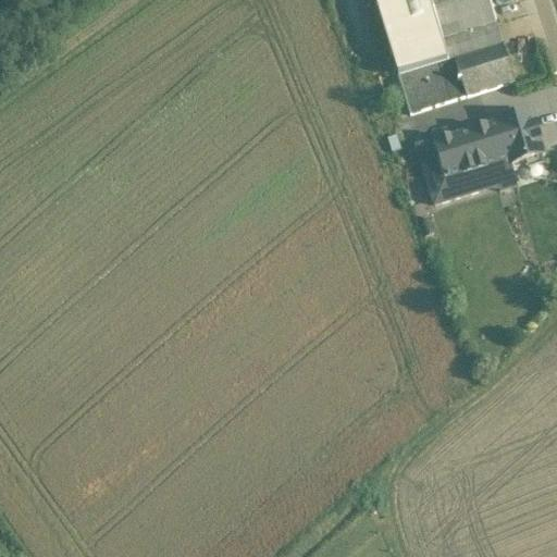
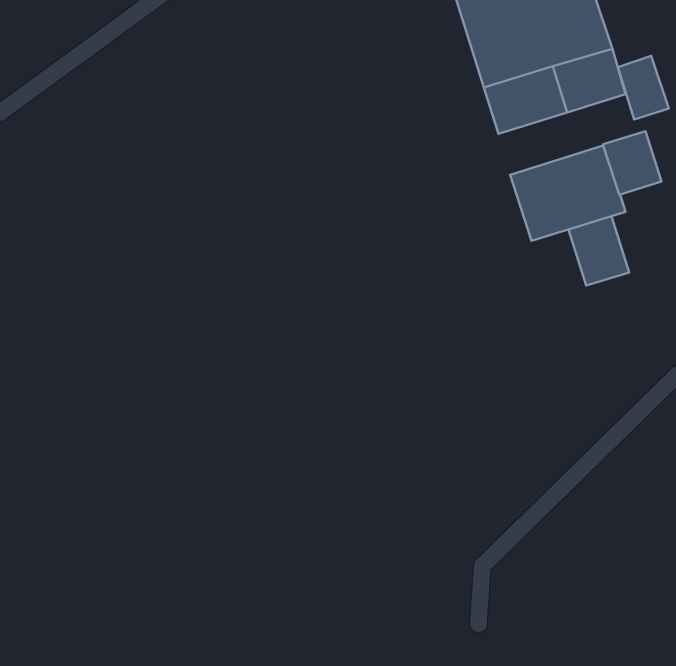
building: none -> [618,56,669,119]
building: none -> [569,216,629,286]

